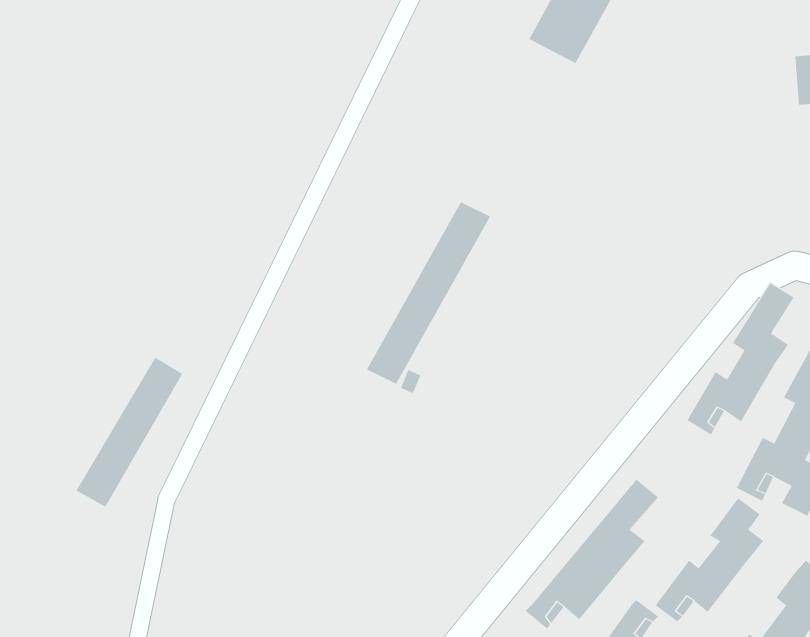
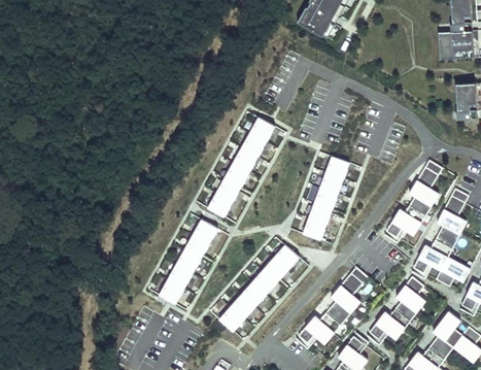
building: none -> [302,156,349,242]
building: [76,357,183,508] -> [159,221,217,303]
building: none -> [217,245,299,333]

